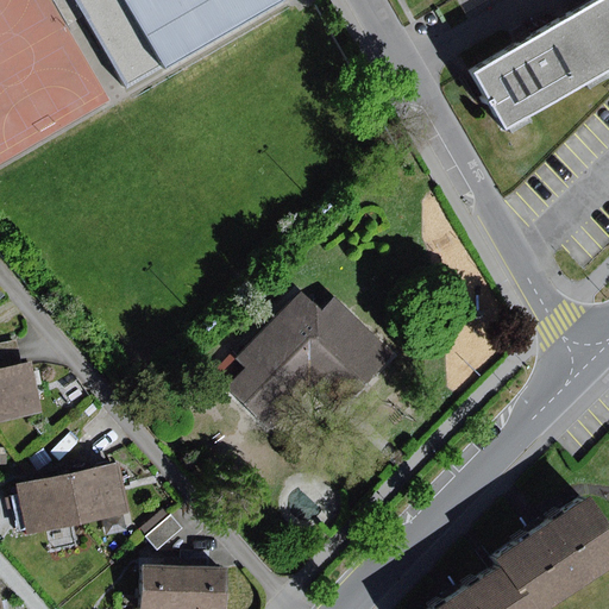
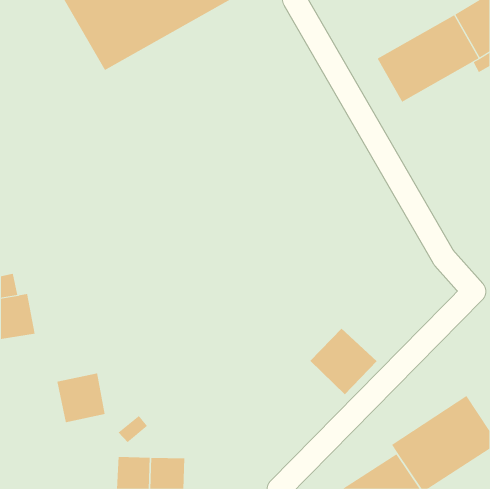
building: [228,290,394,431] -> none
building: none -> [309,328,377,395]
building: [19,473,81,535] -> none

